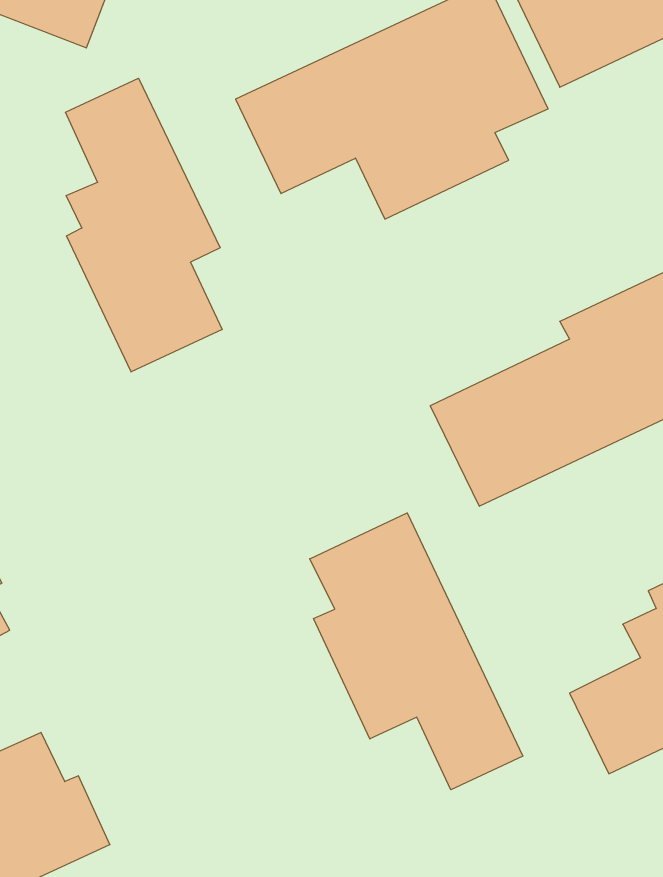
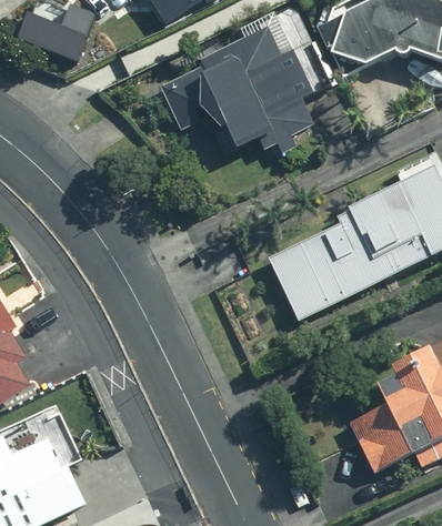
building: [66,78,222,372] -> none
building: [310,513,523,790] -> none

